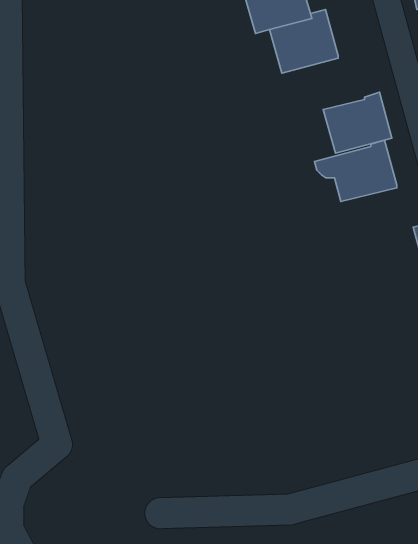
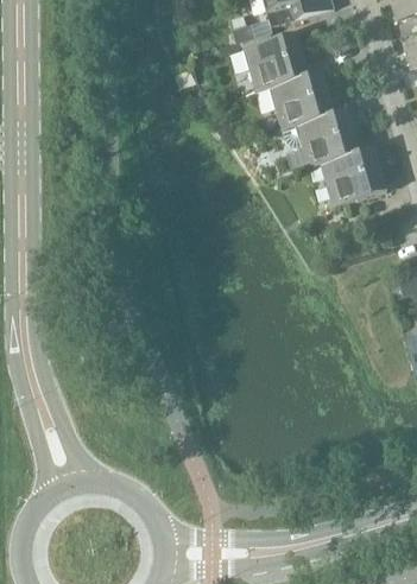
building: [314,140,397,201] -> [282,109,360,167]

